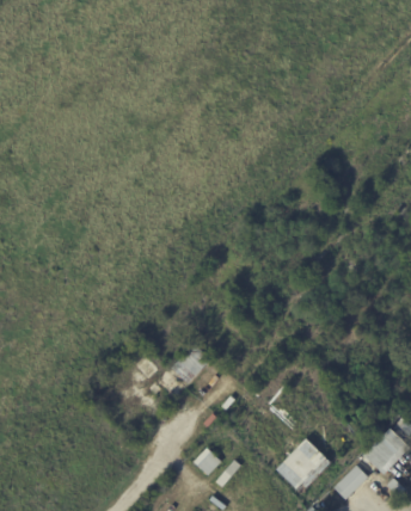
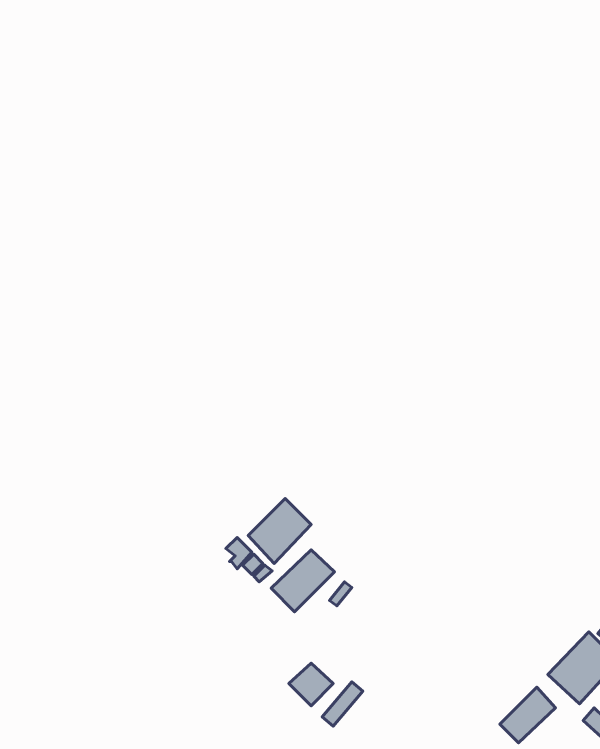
building: none -> [271,550,335,612]
building: [275,438,330,492] -> none

